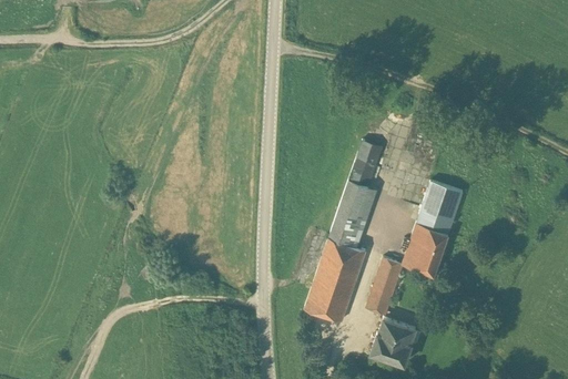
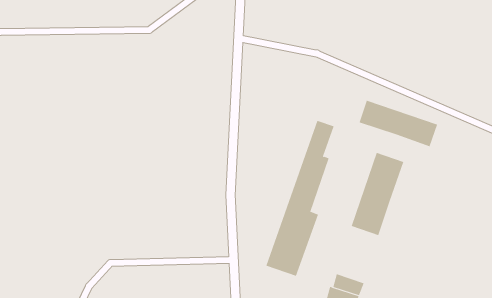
building: none -> [359,100,438,147]
building: [365,257,402,314] -> none

